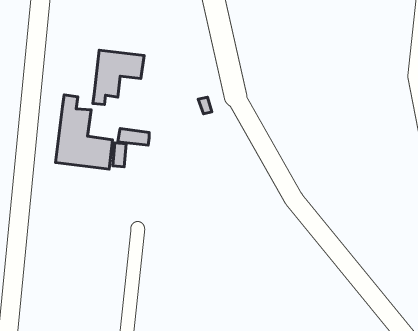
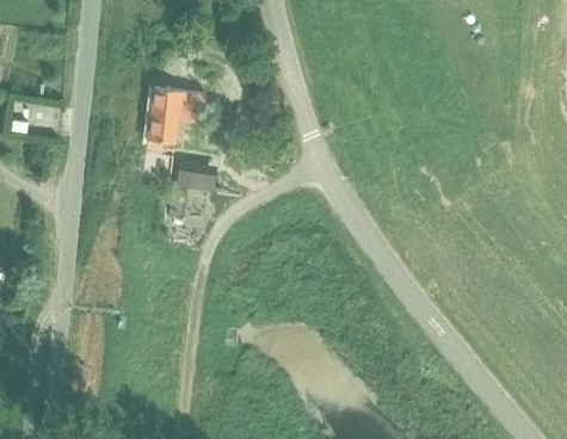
building: [56,95,112,169] -> none

